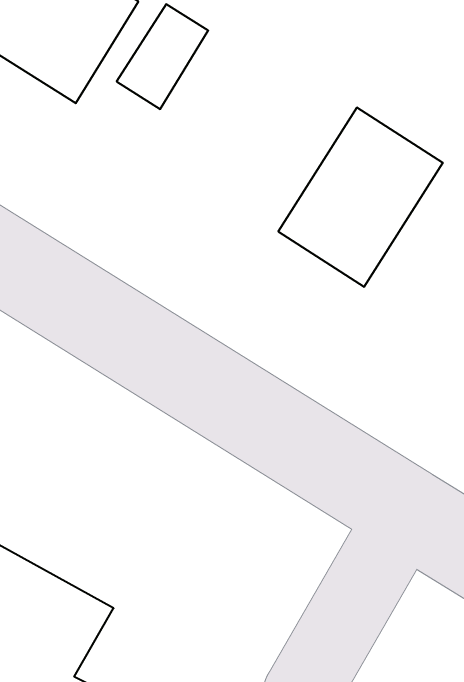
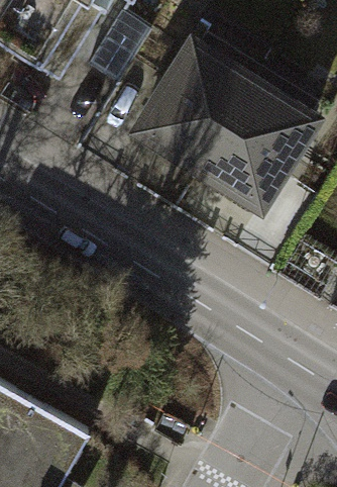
building: none -> [137,42,252,166]

